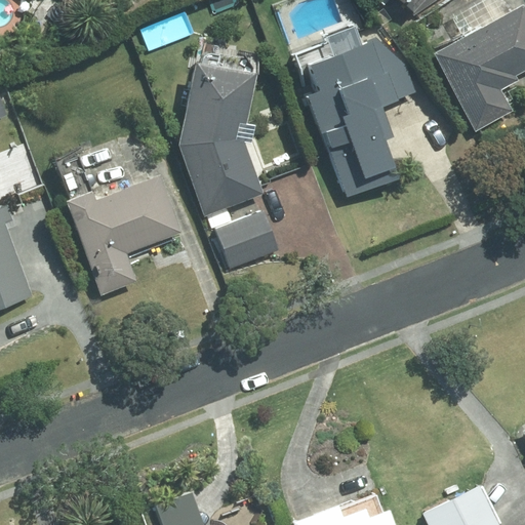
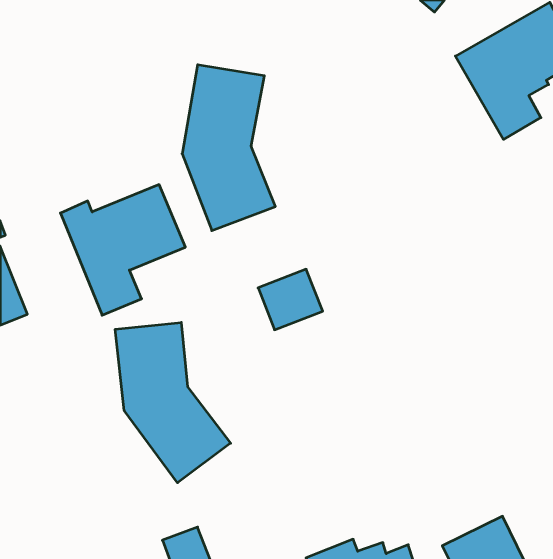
building: [306,37,419,199] -> none
building: [218,212,279,269] -> [258,269,323,330]
building: none -> [115,322,231,483]

